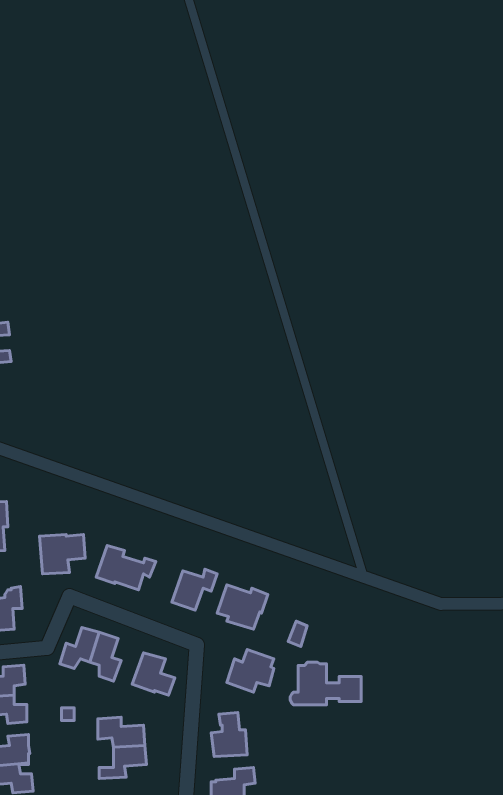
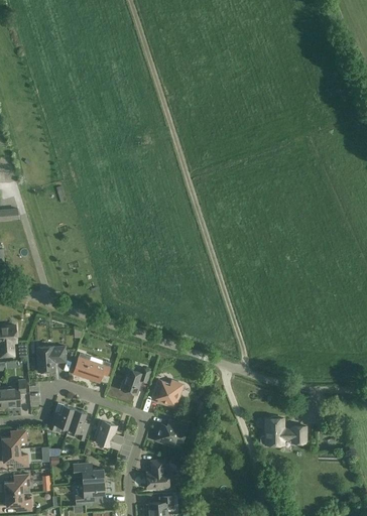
building: [290,662,361,705] -> [258,416,303,443]

